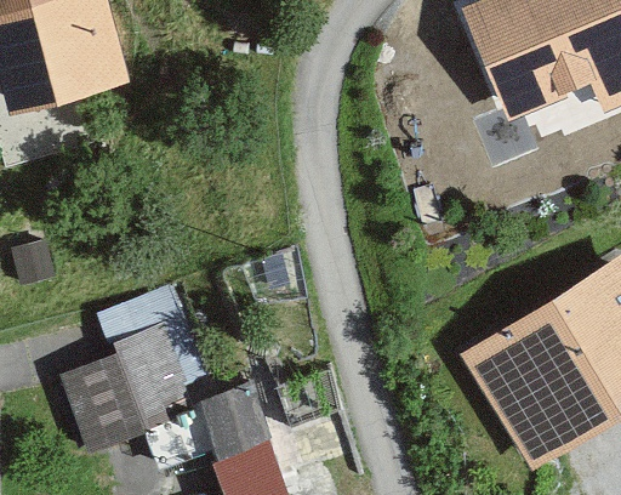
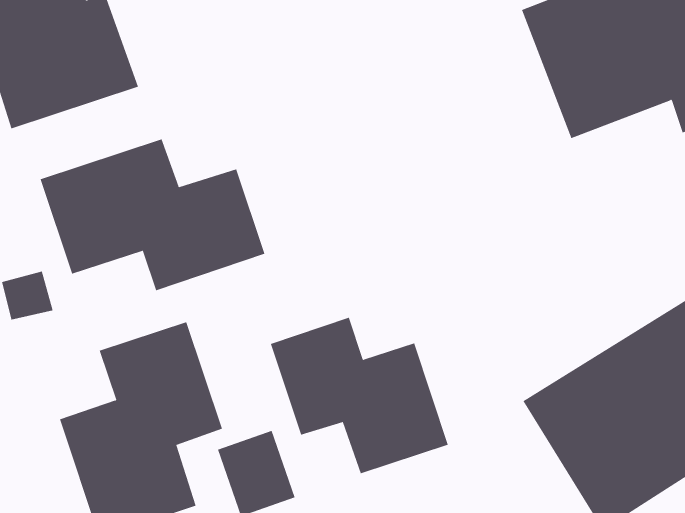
building: none -> [40,138,265,291]
building: none -> [270,317,449,474]

